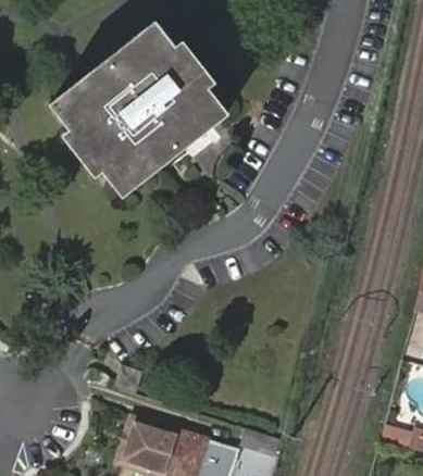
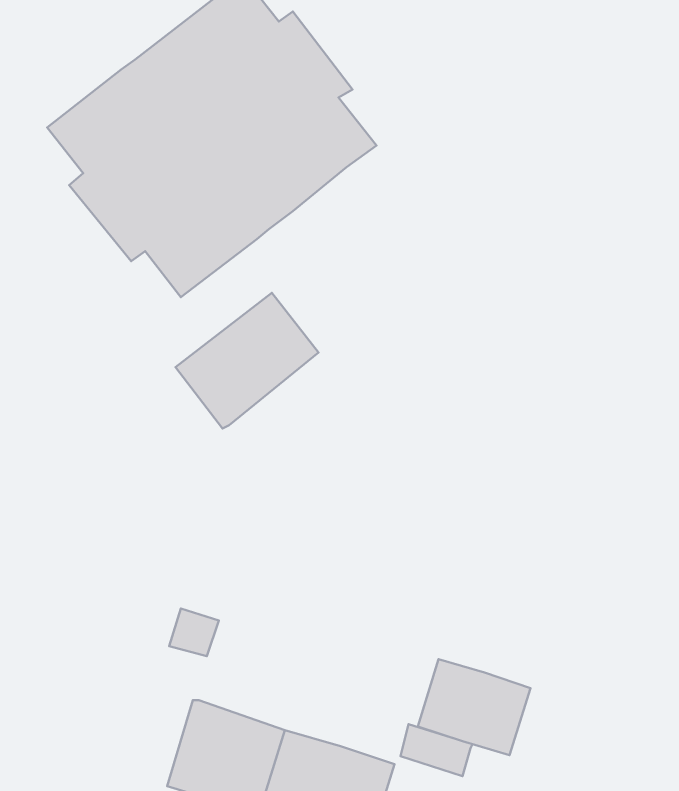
building: none -> [176,293,318,428]
building: none -> [418,659,531,755]

